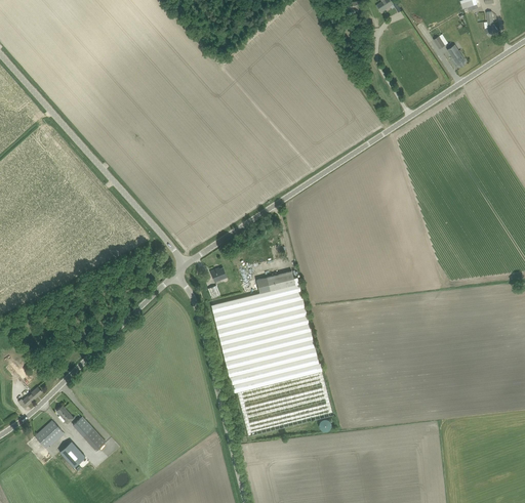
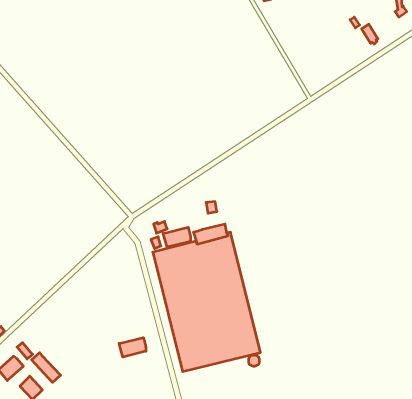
building: none -> [163,227,191,247]
building: none -> [119,338,146,357]

